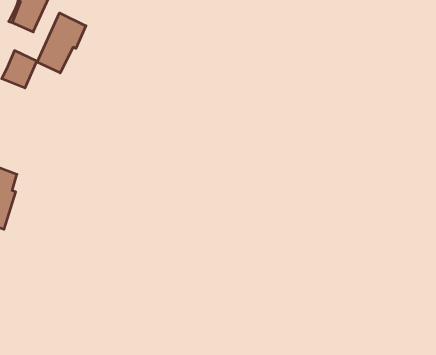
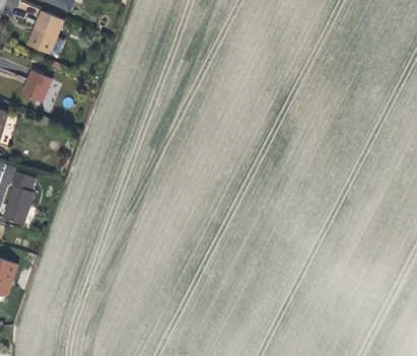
building: [37,13,86,73] -> none

